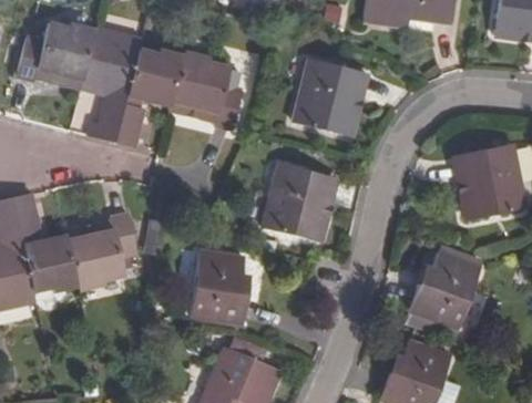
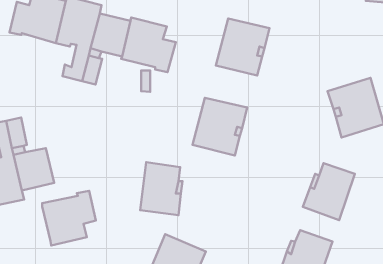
building: [66,210,139,283] -> [42,191,96,245]

